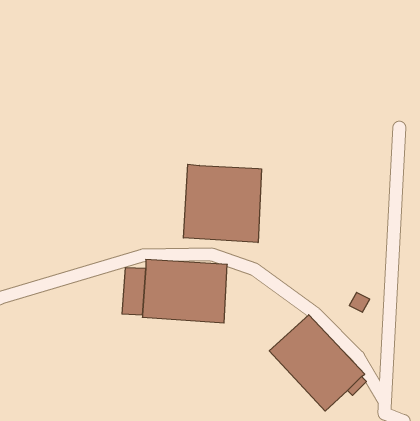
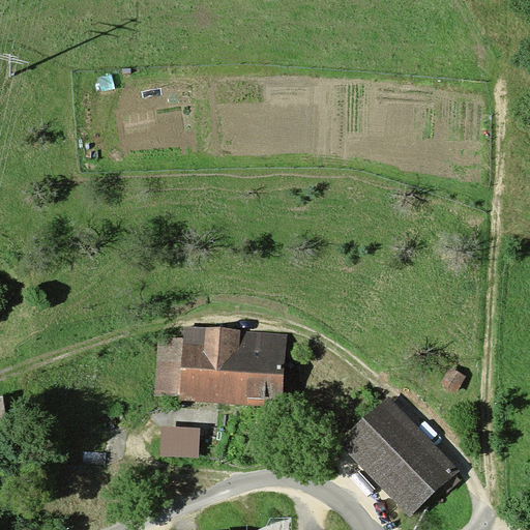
building: [183,164,261,243] -> none
building: none -> [159,425,201,459]

